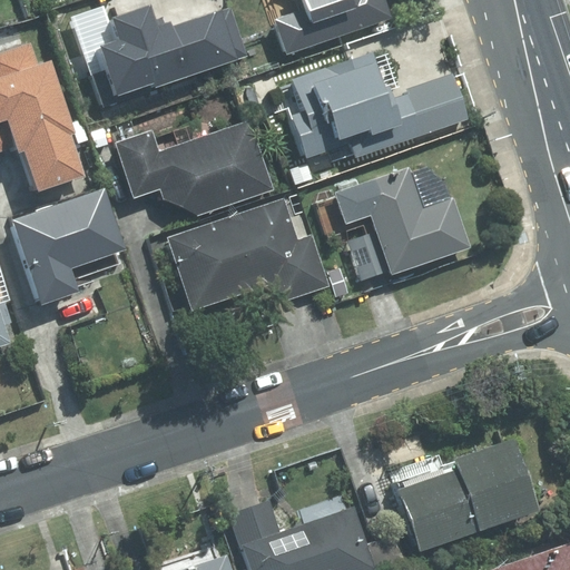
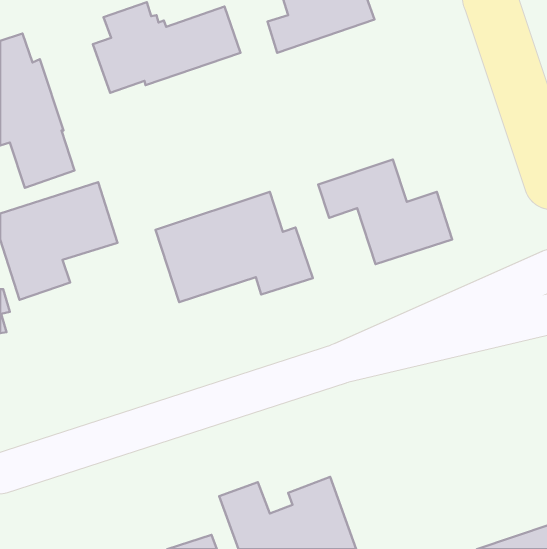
building: [286,51,469,159] -> none
building: [116,119,274,216] -> none
building: [395,439,537,551] -> none

